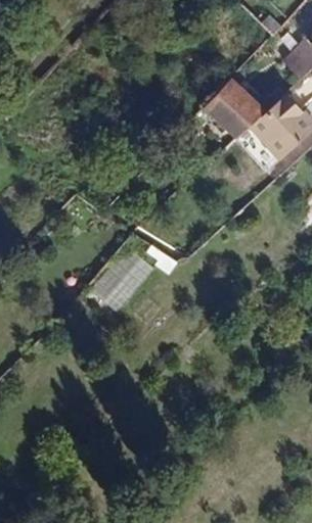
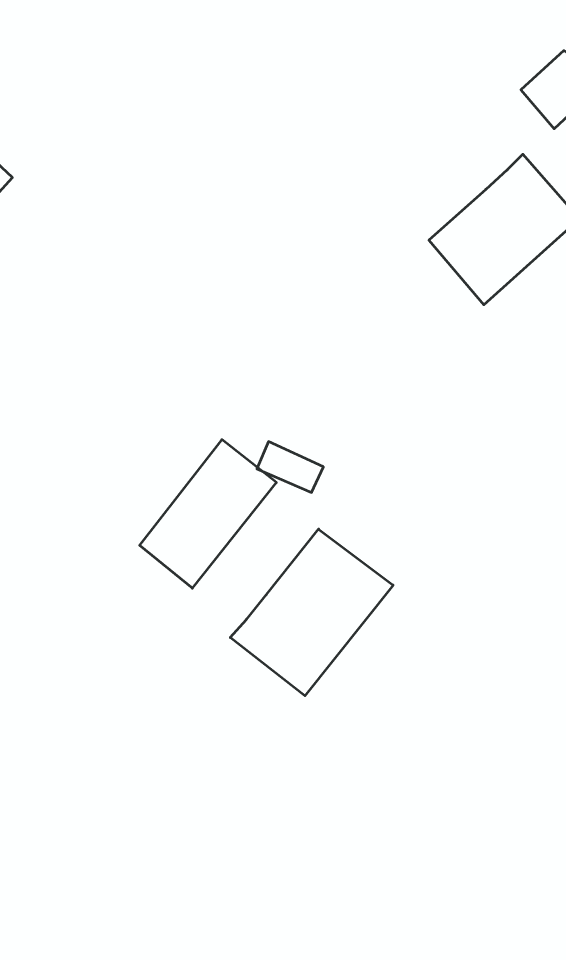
building: [203,76,267,137] -> none
building: none -> [230,529,393,696]

